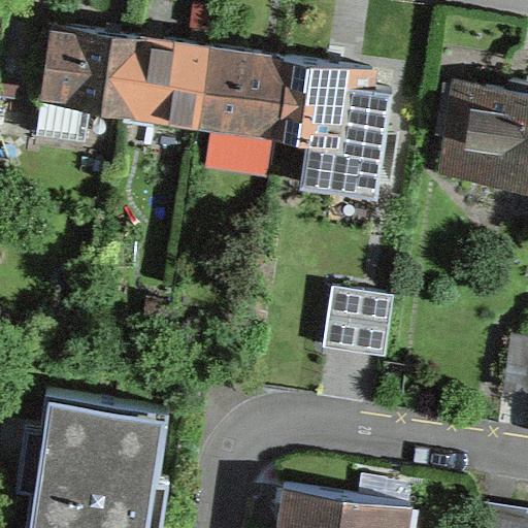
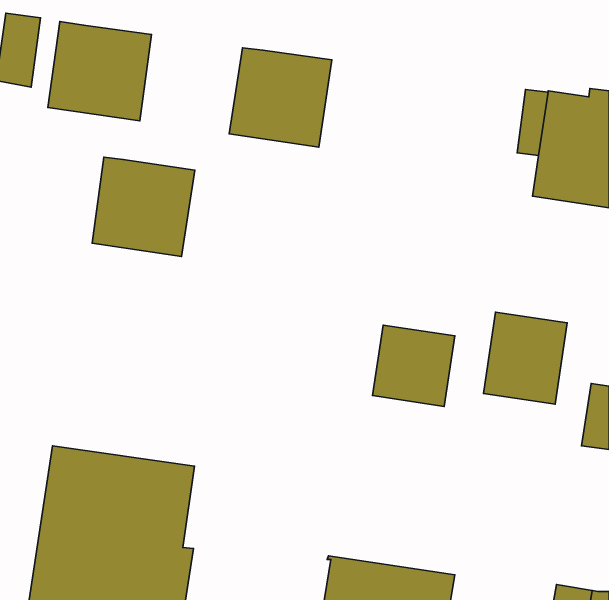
building: [121,39,209,125] -> [92,157,195,256]
building: [275,61,391,200] -> none
building: none -> [483,312,567,404]

